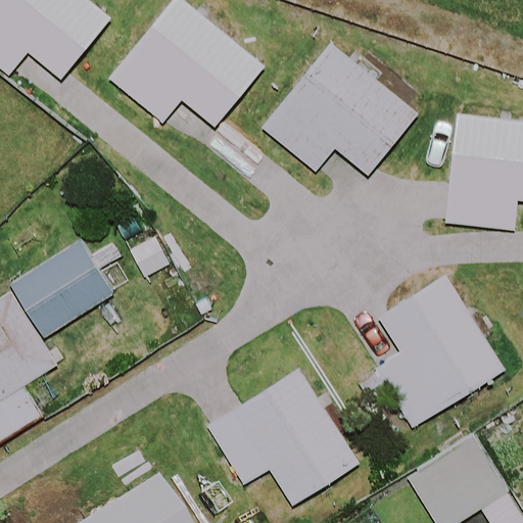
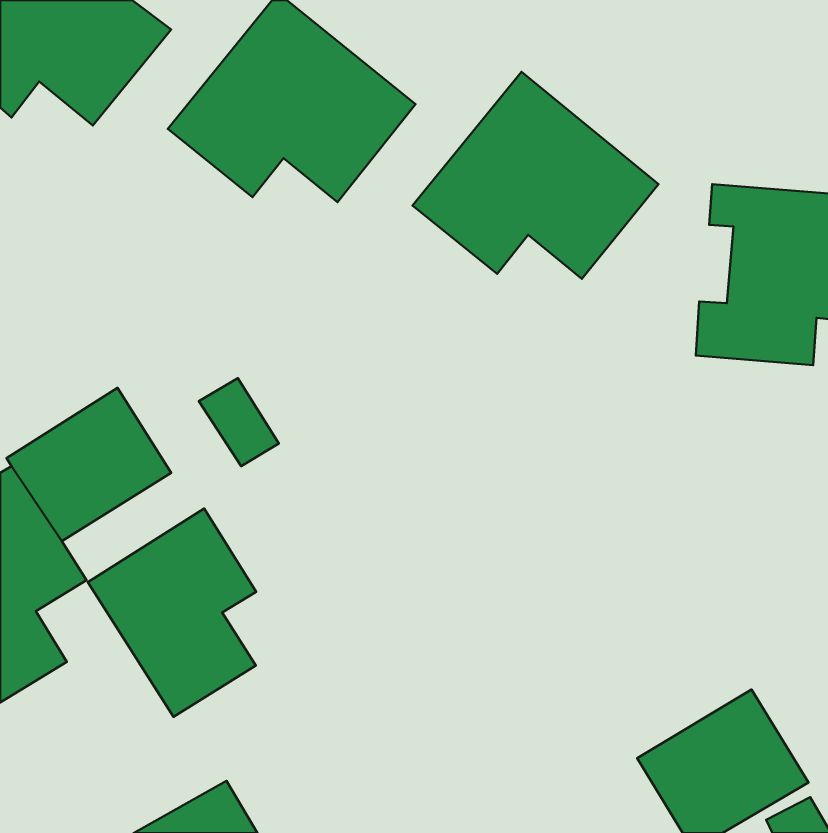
building: [376,276,505,427] -> none
building: none -> [88,509,256,717]
building: [204,368,358,505] -> none

